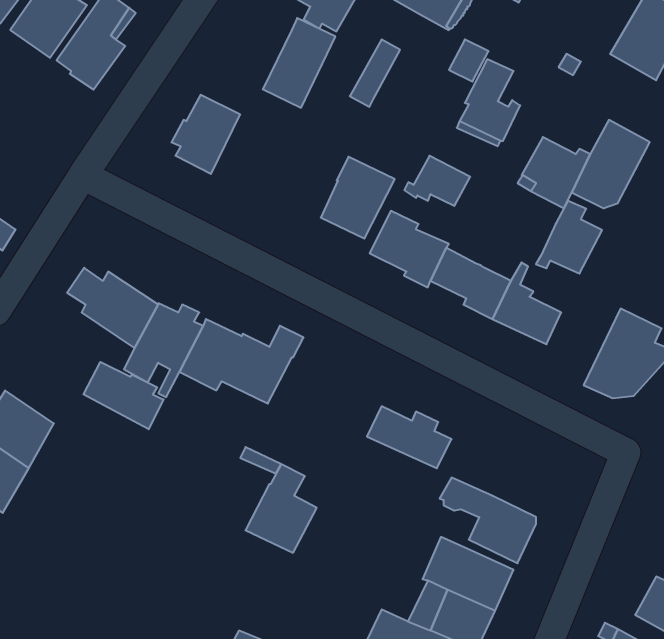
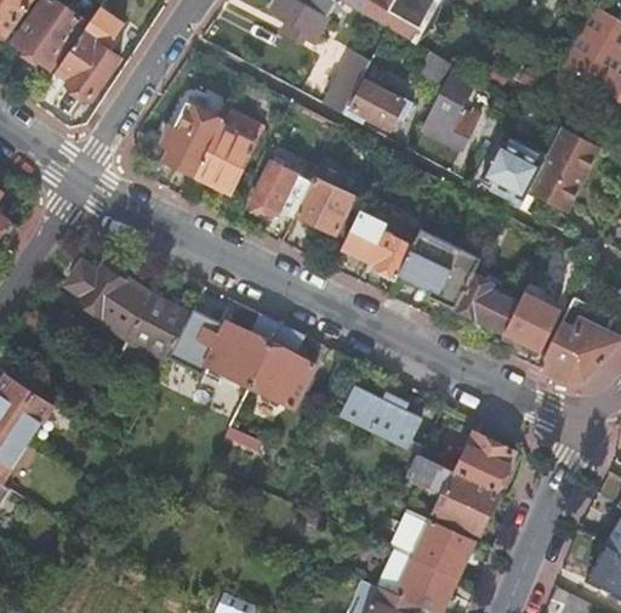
building: [263,18,335,108] -> [196,109,263,192]
building: [404,156,470,206] -> [342,81,403,127]
building: none -> [250,161,313,217]
building: [536,201,602,274] -> [500,282,560,348]
building: [83,362,164,429] -> none
building: none -> [455,432,513,490]
building: [245,464,317,553] -> [249,325,314,407]

